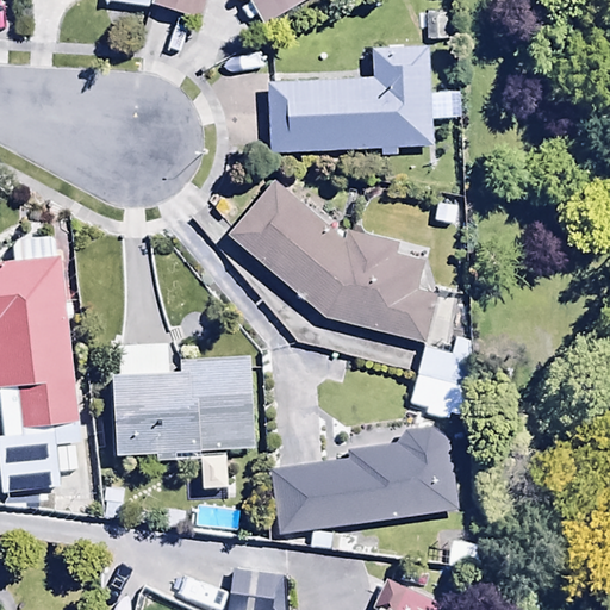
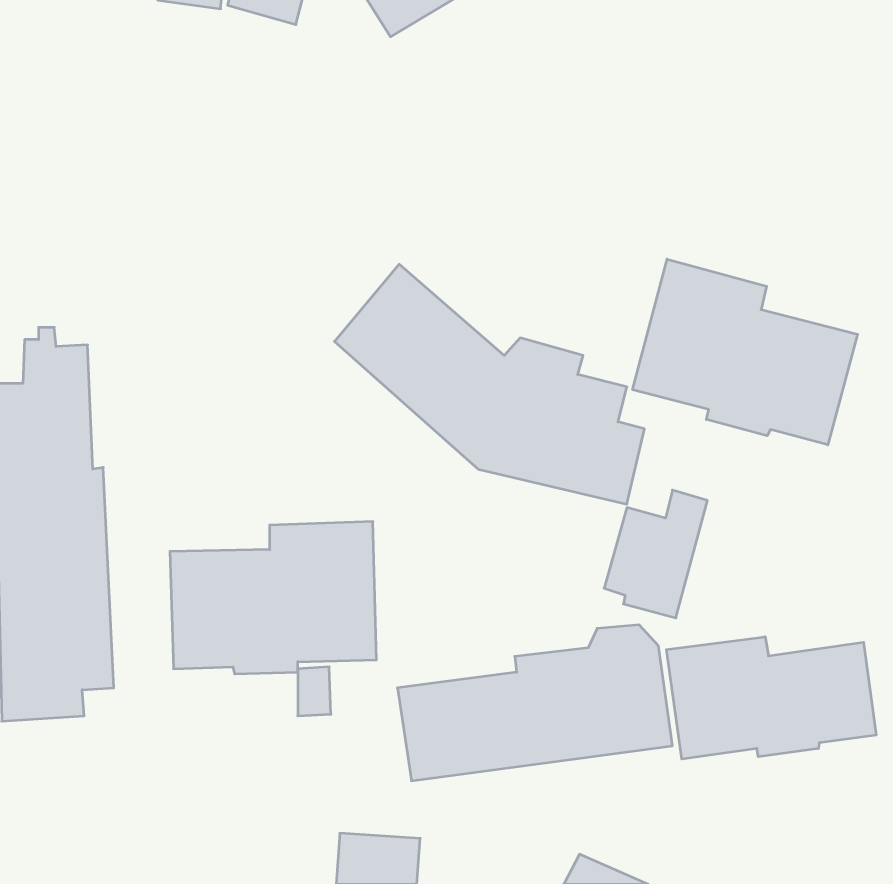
building: [266,45,453,155] -> none
building: none -> [633,259,858,445]
building: none -> [666,637,876,759]

